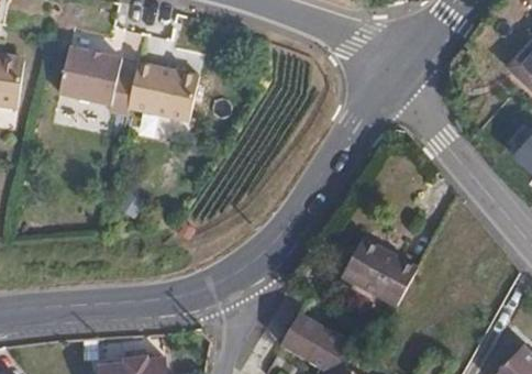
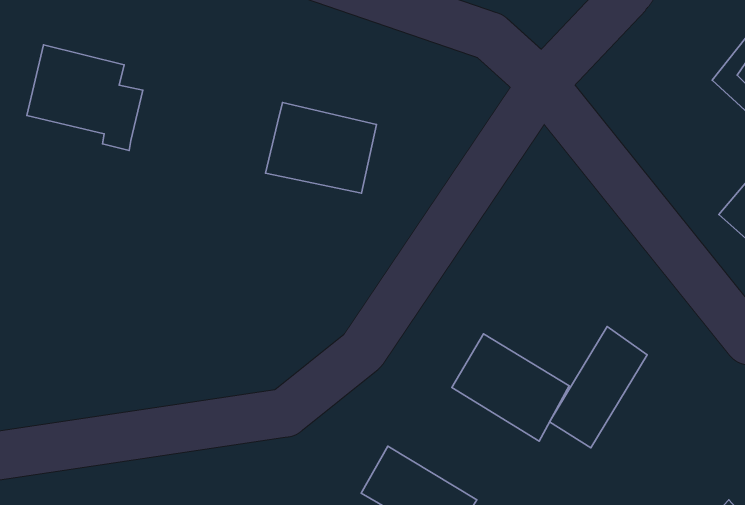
building: [129,62,201,121] -> [266,103,376,193]
building: none -> [550,327,647,448]

